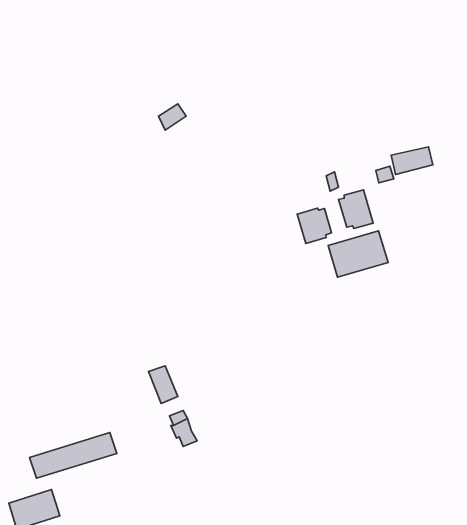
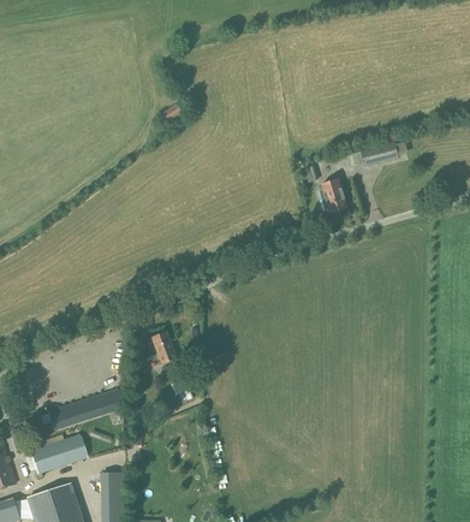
building: [297,208,331,244] -> none
building: [328,231,388,277] -> none

